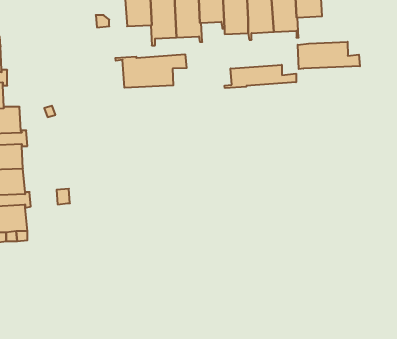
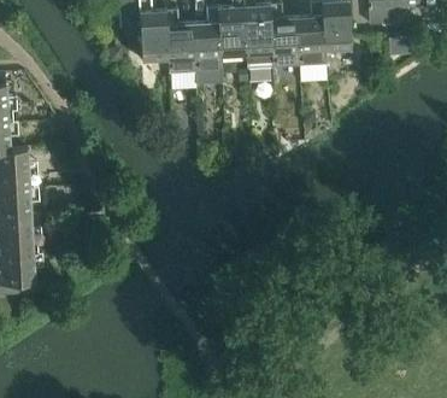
building: [298,42,360,69] -> none
building: [115,54,187,88] -> none
building: [225,65,296,88] -> none

